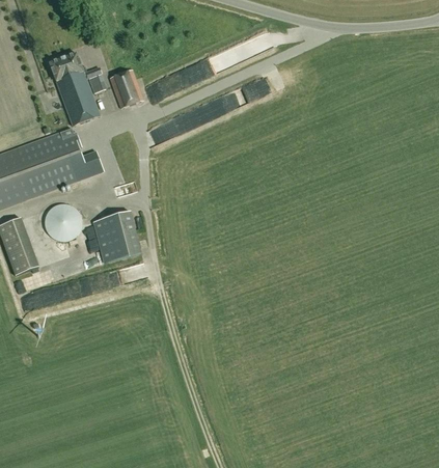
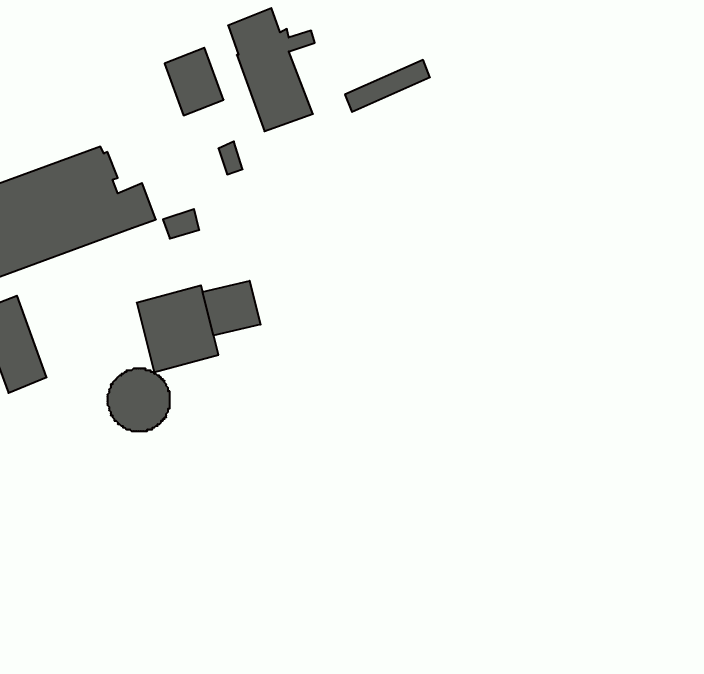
building: [50,53,102,127] -> [228,8,315,131]
building: [44,203,81,241] -> [107,369,170,431]
building: none -> [203,281,261,336]

